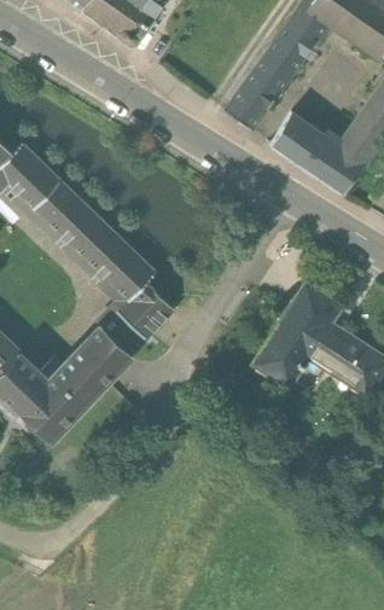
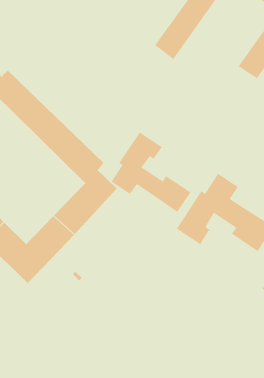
building: [270,114,367,193] -> none
building: none -> [110,132,191,213]

